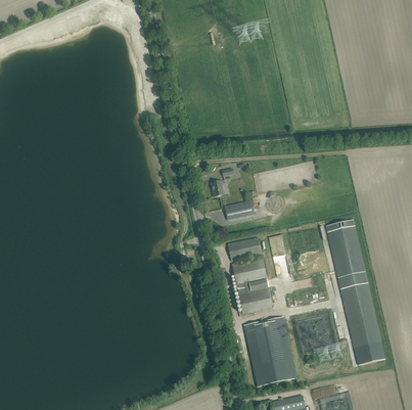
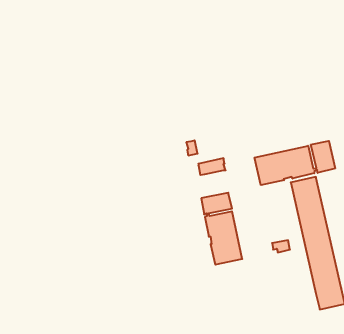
building: none -> [255,141,335,185]
building: [243,316,295,386] -> none

